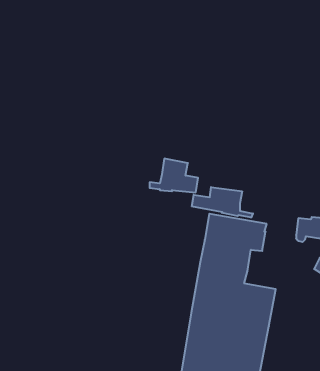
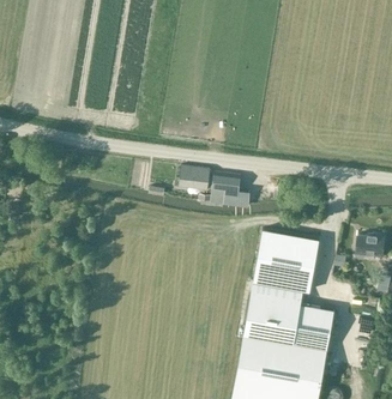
building: none -> [179,165,210,189]
building: [192,187,253,218] -> none

